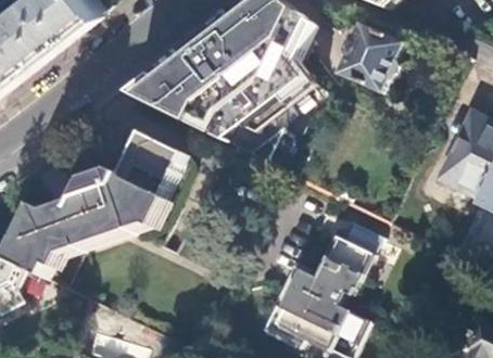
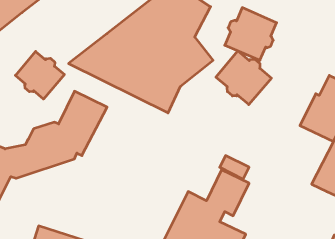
building: none -> [216,51,271,105]
building: none -> [15,51,64,99]

